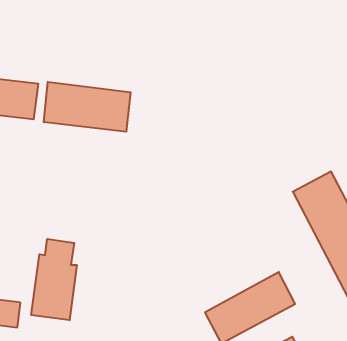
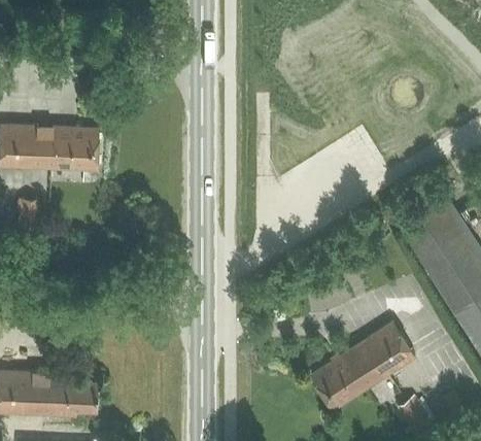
building: [44,82,131,132] -> none
building: [31,239,77,320] -> none

